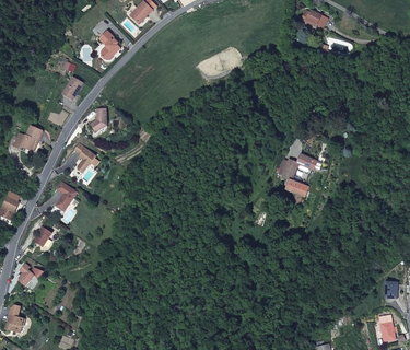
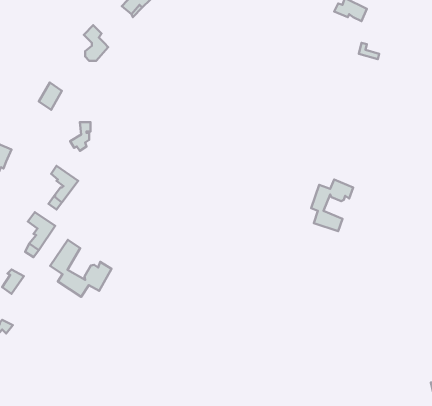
building: none -> [50,240,111,297]

